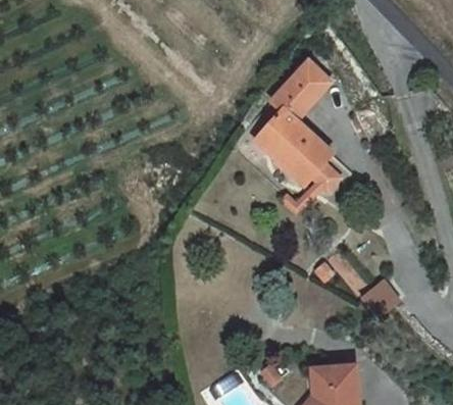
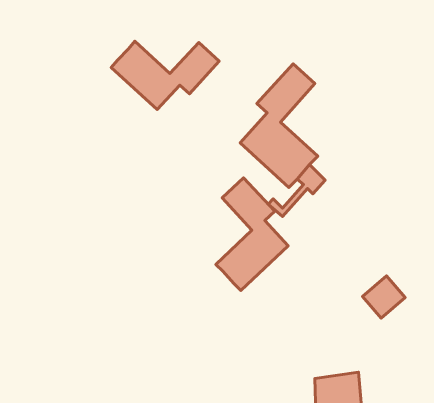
building: none -> [111,41,219,109]
building: none -> [216,178,288,291]

